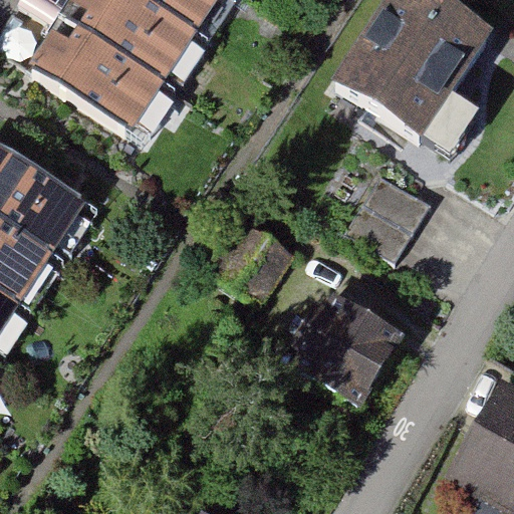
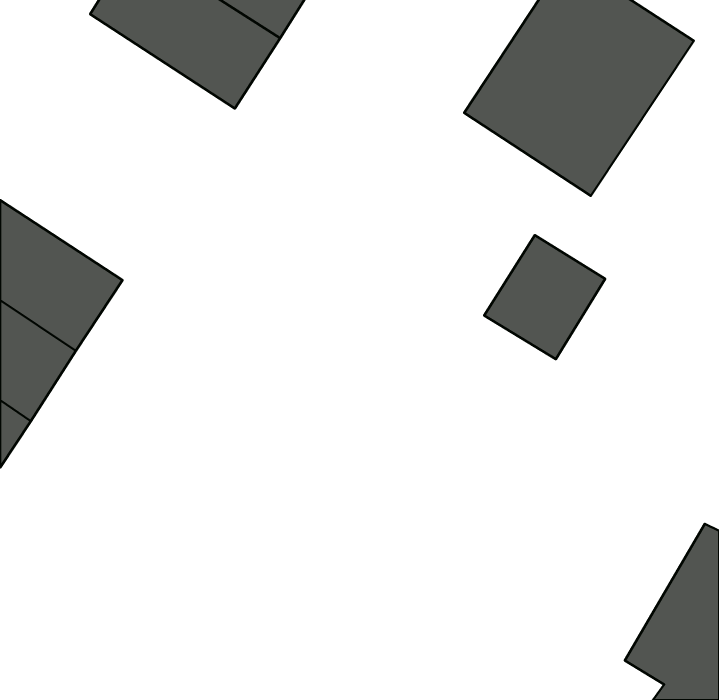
building: [31,10,168,127] -> none
building: [289,291,406,408] -> none

